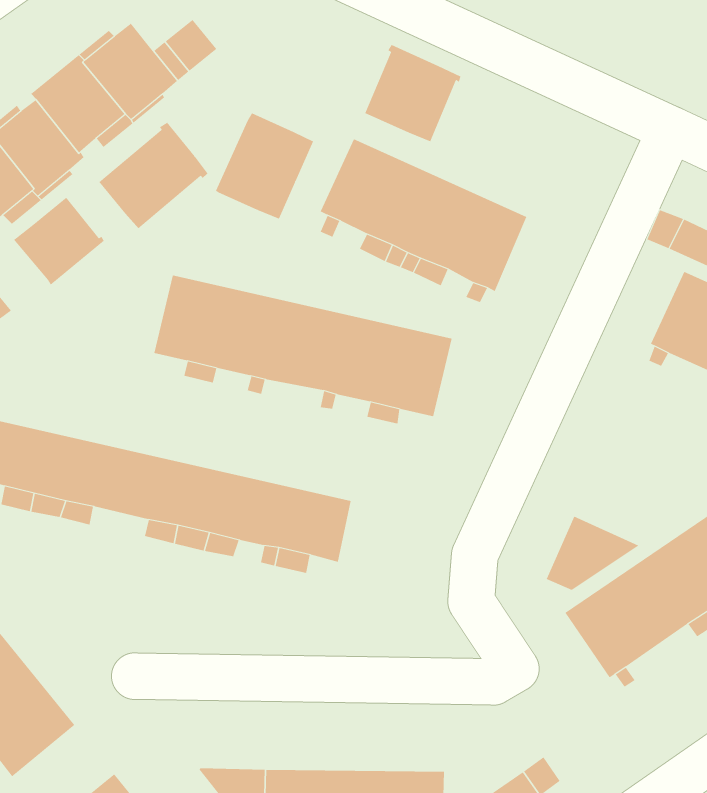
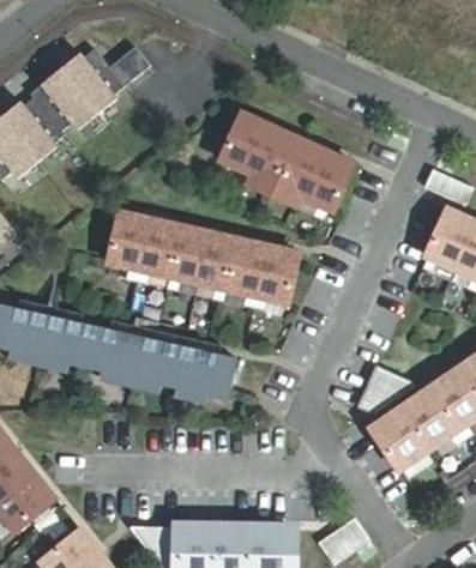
building: [364,44,461,142] -> none
building: [215,112,314,220] -> none
building: [98,122,208,229] -> none
building: [13,197,105,286] -> none

